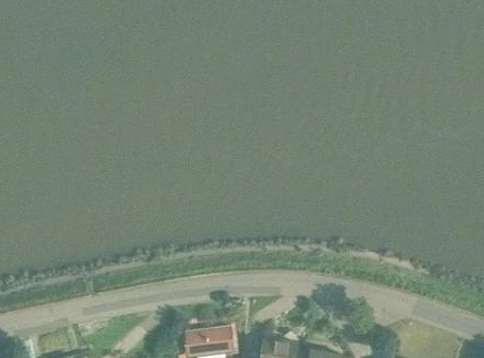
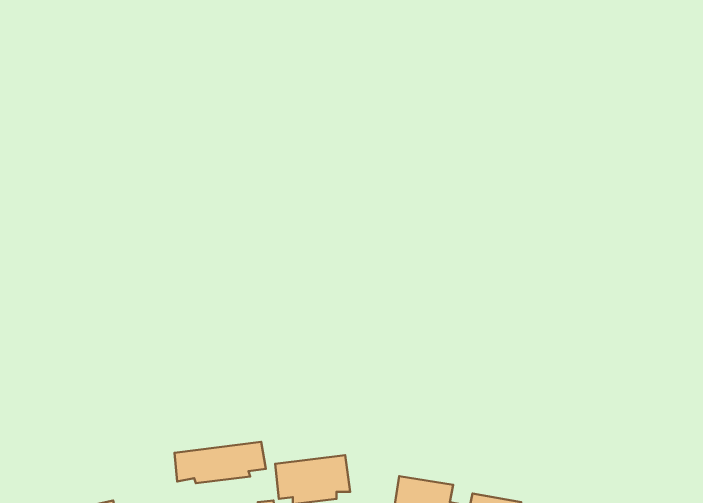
building: none -> [174,442,266,483]

